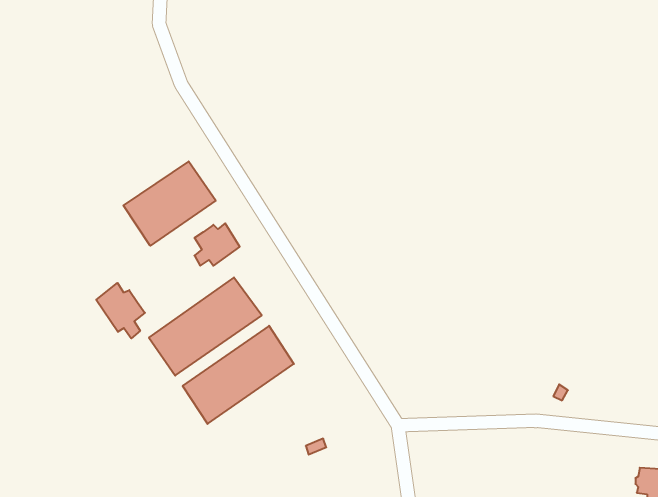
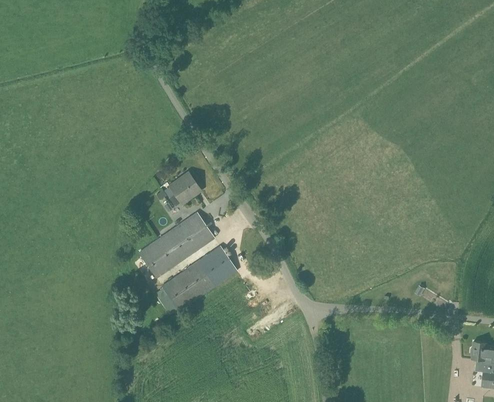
building: [123,161,216,246] -> none
building: [96,283,145,338] -> none

